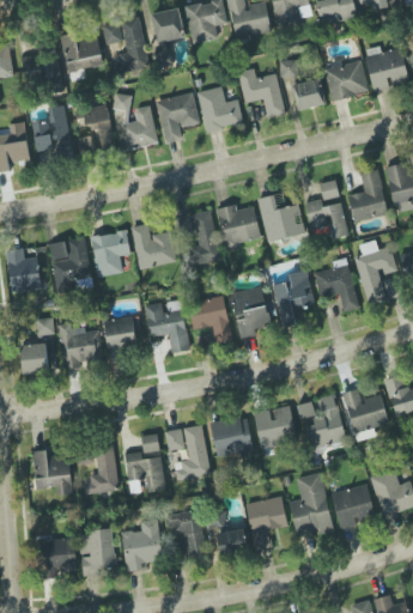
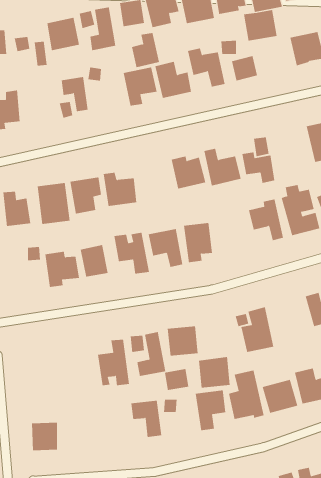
building: [324,60,368,99] -> [243,10,278,41]
building: [32,104,73,160] -> none
building: [122,105,158,150] -> [131,32,160,68]
building: [348,169,388,221] -> none
building: [188,210,220,265] -> none
building: [272,269,315,326] -> none
building: [20,342,48,371] -> none
building: [344,388,388,441] -> none
building: [255,406,296,445] -> [198,357,231,388]
building: [77,445,119,493] -> none
building: [32,449,72,494] -> none
building: [121,518,163,571] -> none
building: [79,528,115,575] -> none
building: [217,528,248,556] -> [164,369,189,391]

